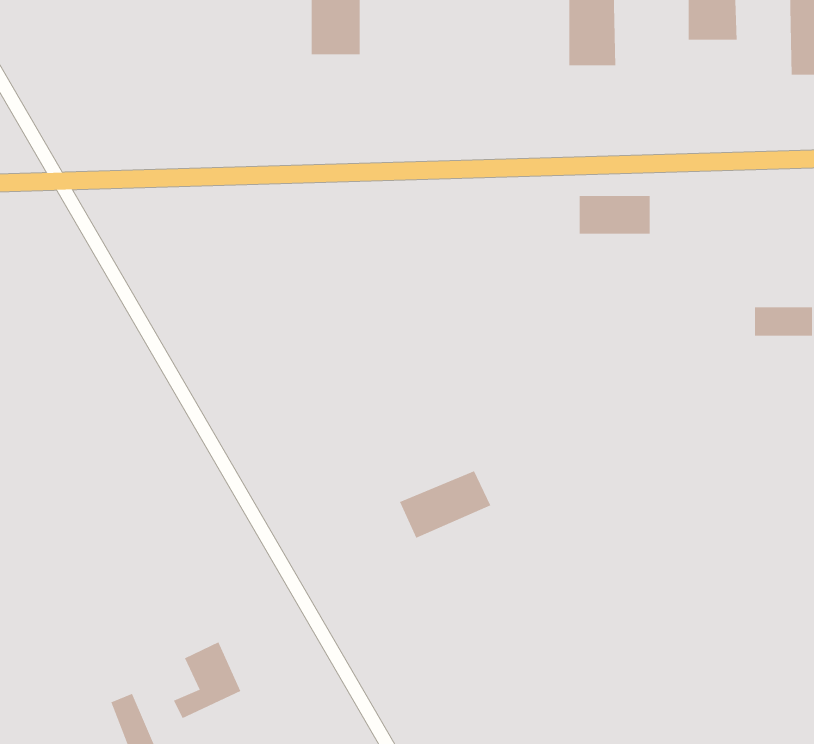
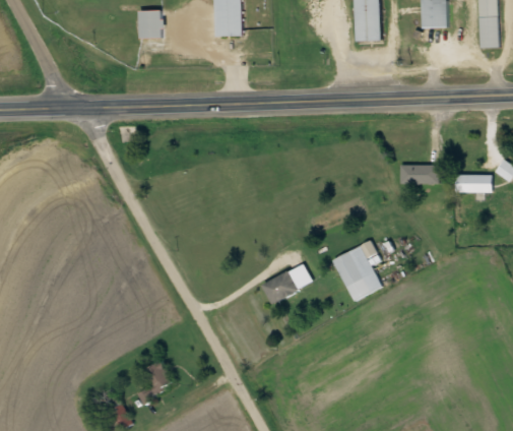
building: none -> [137,10,162,38]
building: [579,196,651,234] -> [399,164,439,185]
building: none -> [331,241,381,301]

